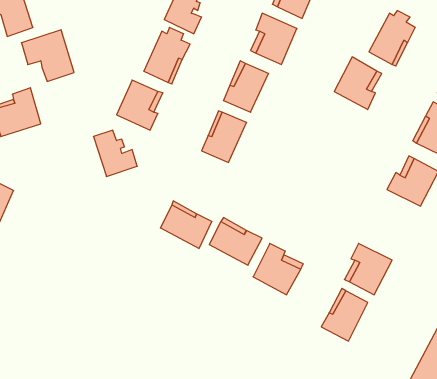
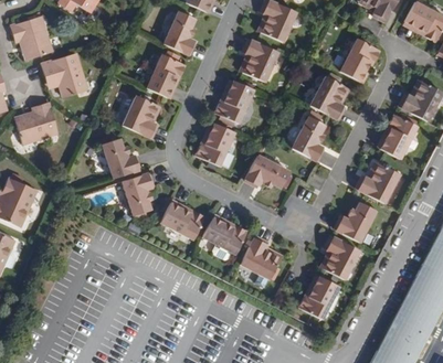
building: none -> [291,116,324,161]
building: none -> [244,154,288,186]
building: none -> [122,171,154,215]
building: none -> [334,201,376,242]

